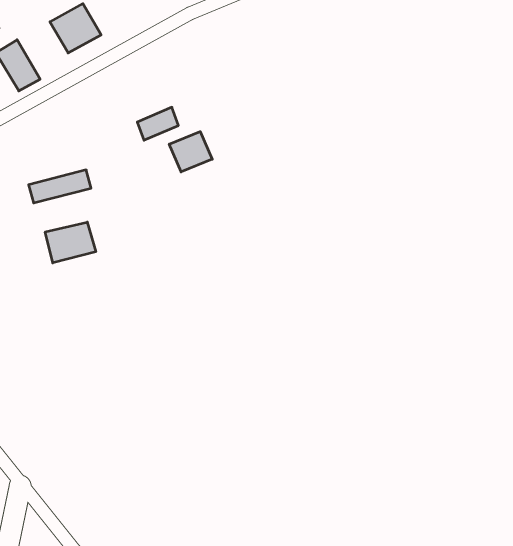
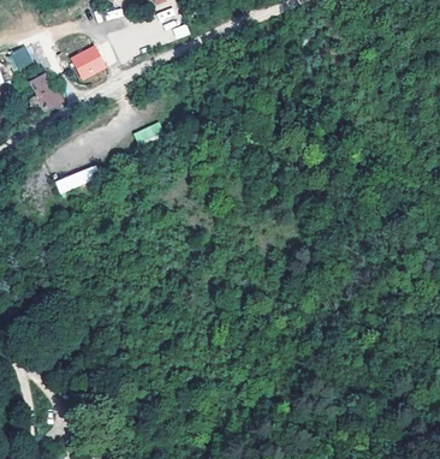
building: [169,132,212,172] -> none
building: [45,222,96,263] -> none

